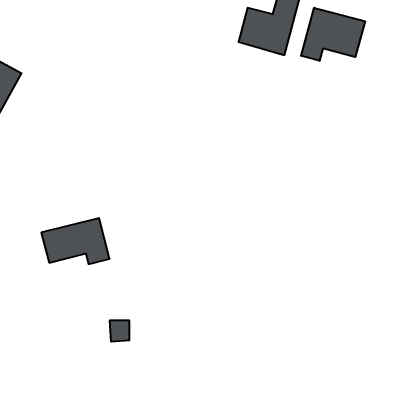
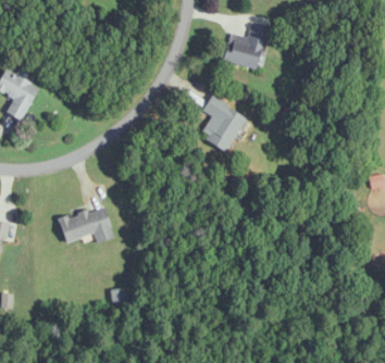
building: [301,8,365,61] -> none
building: none -> [201,95,247,151]

